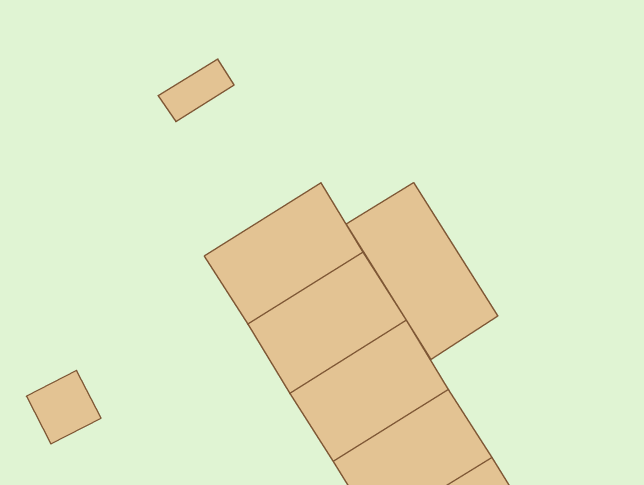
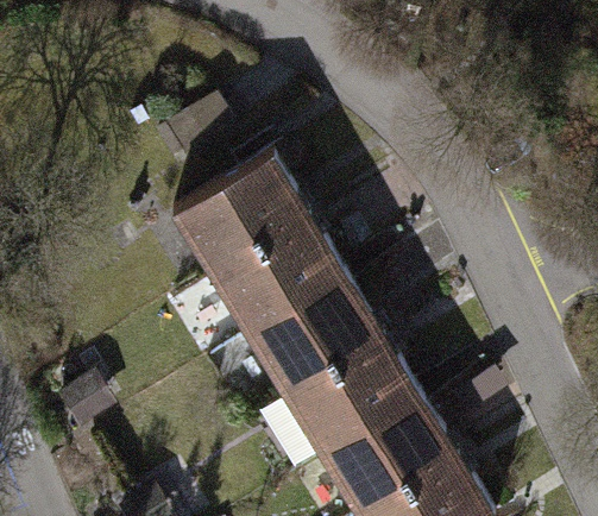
building: none -> [169,150,309,273]
building: [346,183,498,359] -> none

